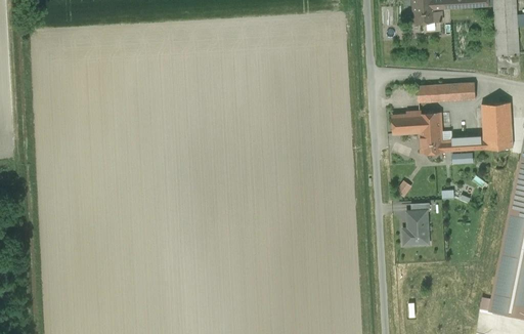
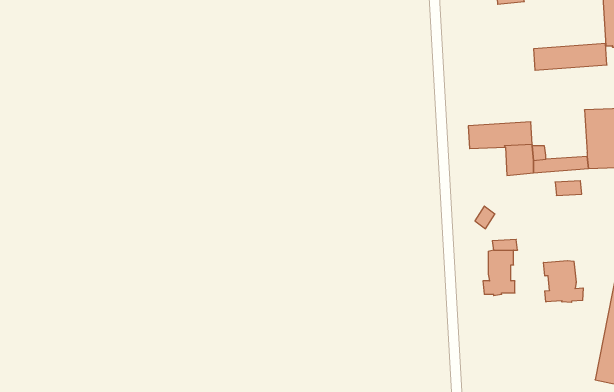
building: [419,82,475,102] -> [534,44,607,70]
building: none -> [544,261,583,302]

